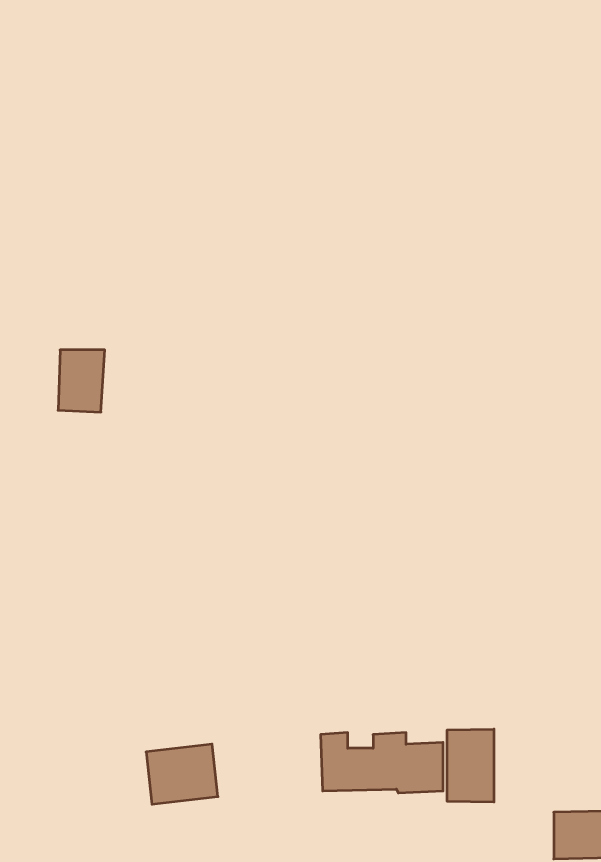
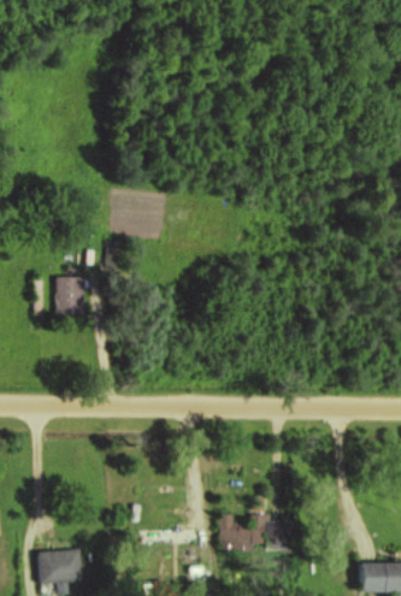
building: [447,729,494,802] -> none
building: [146,744,218,804] -> [37,548,82,585]

